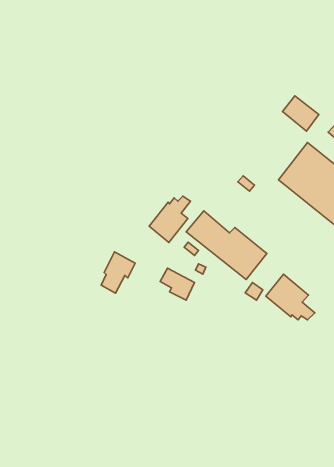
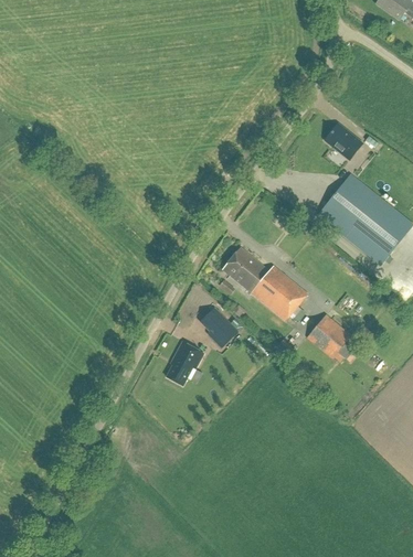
building: [149,196,191,242] -> none
building: [101,252,135,293] -> [168,340,204,384]

